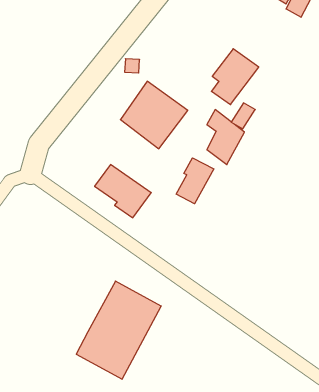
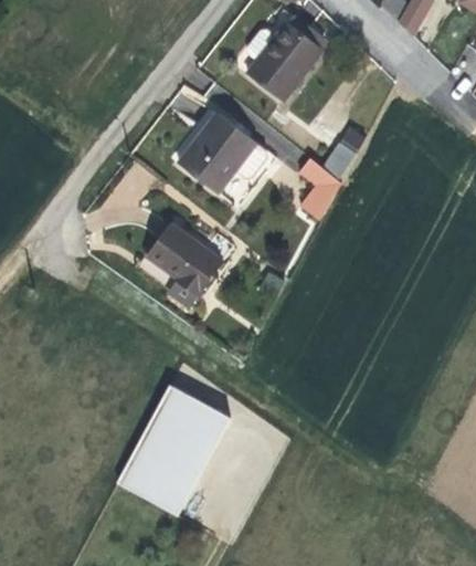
building: [211,49,259,105] -> [253,21,316,95]
building: [176,158,214,204] -> none

